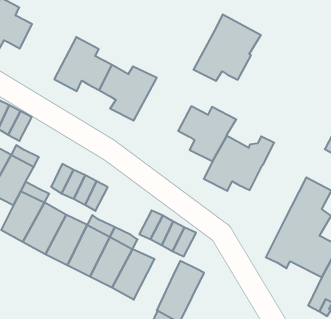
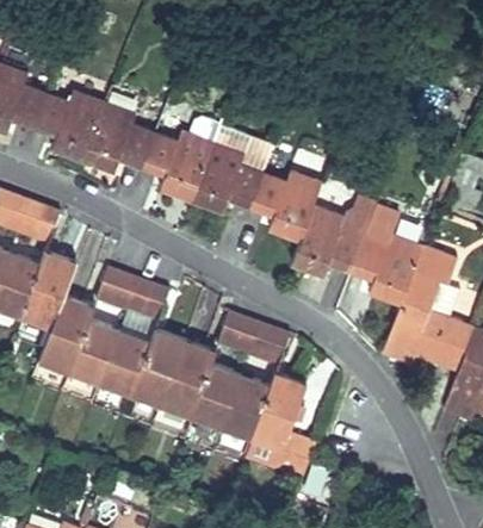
building: [193,14,261,81] -> [192,125,273,211]
building: none -> [35,91,105,160]
building: none -> [352,235,422,304]
building: none -> [221,374,270,440]

